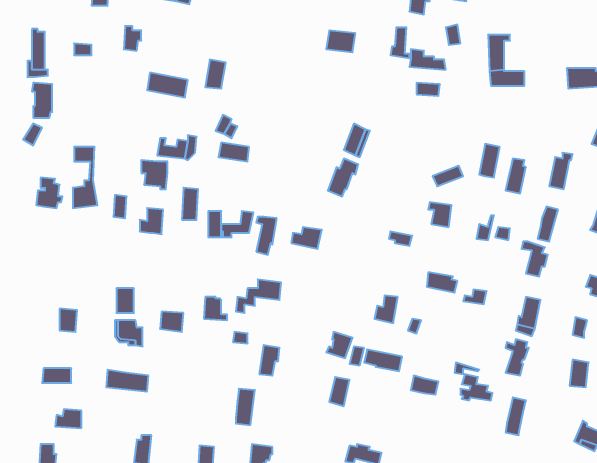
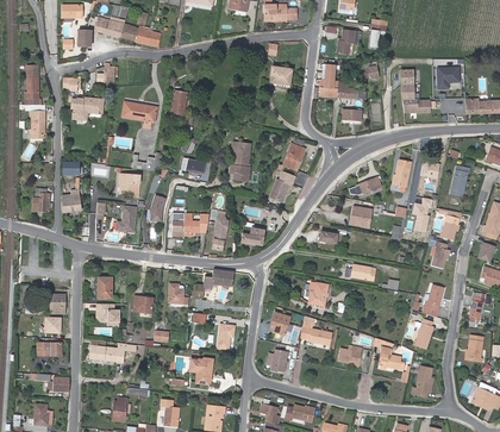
building: none -> [437,65,461,89]
building: none -> [70,98,104,120]
building: none -> [230,142,250,180]

